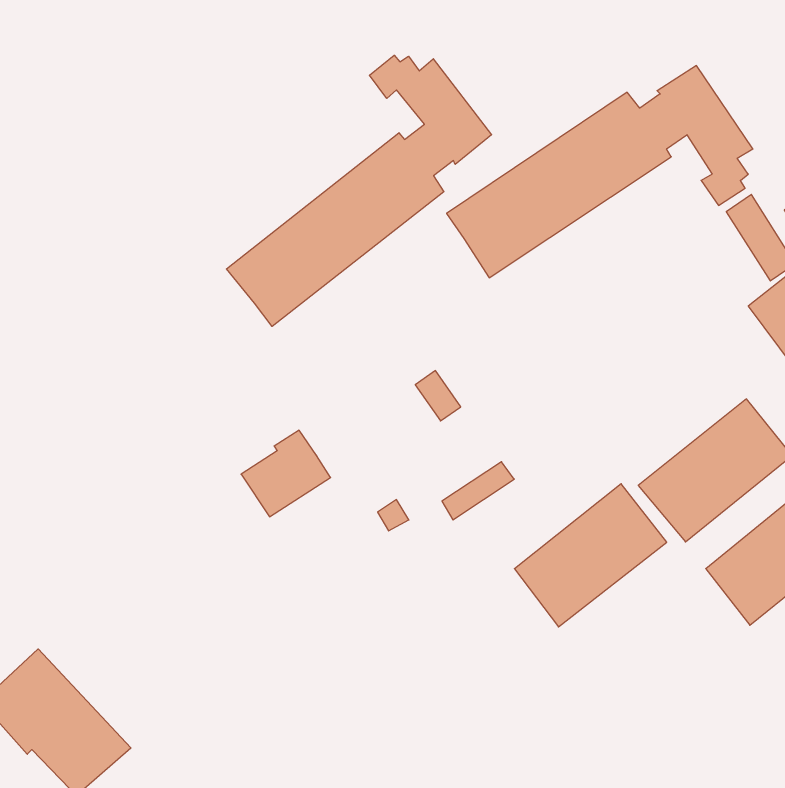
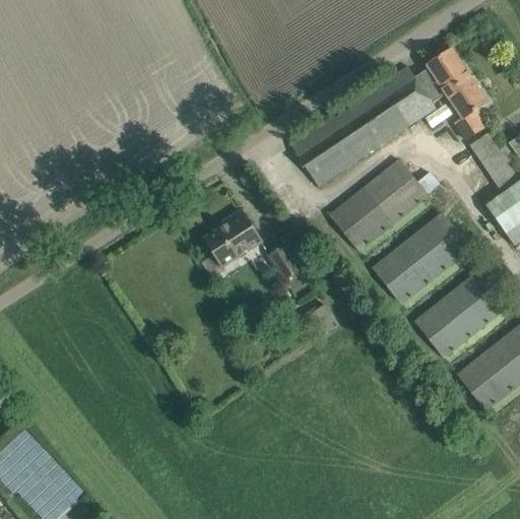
building: [226,55,492,326] -> none
building: none -> [329,160,428,252]
building: [241,430,331,517] -> [203,211,261,267]
building: [514,484,667,627] -> [372,212,470,305]

